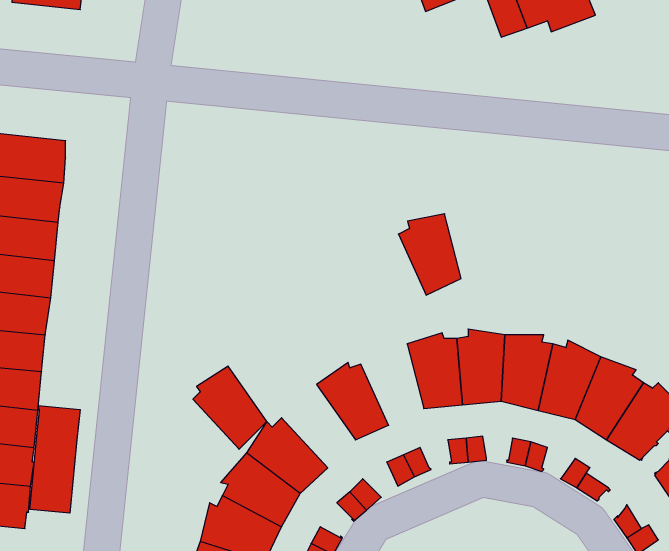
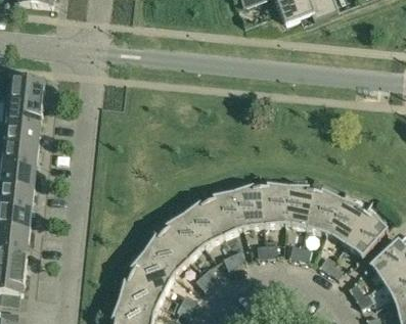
building: [398,214,461,295] -> [209,191,243,236]
building: [193,366,267,449] -> [165,214,206,260]
building: [30,406,80,513] -> none

